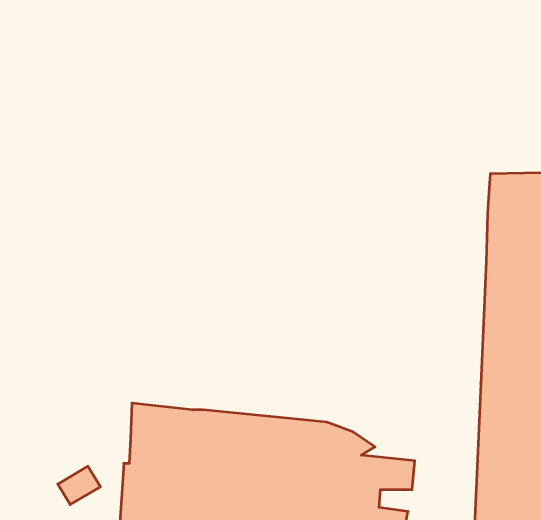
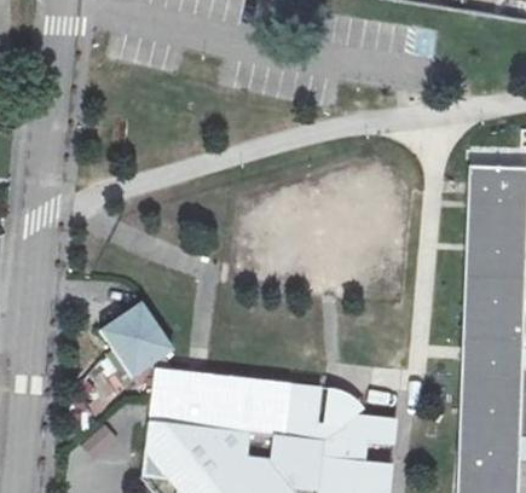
building: none -> [97,300,177,379]

